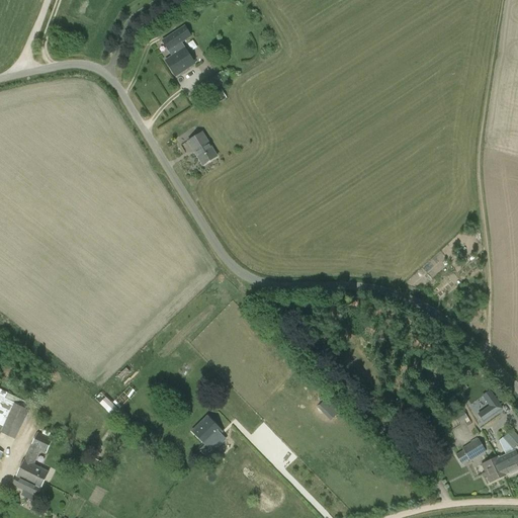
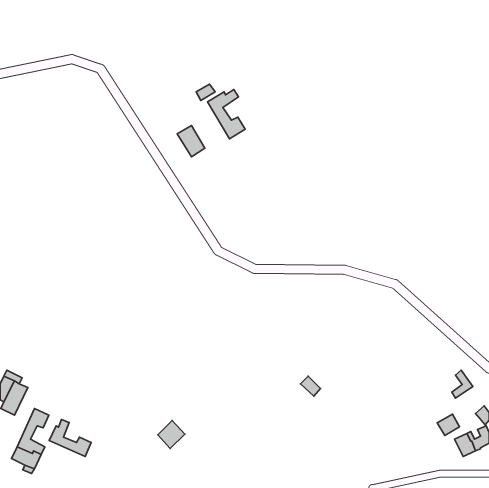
building: [162,25,195,76] -> none
building: none -> [207,89,245,139]
building: [192,417,221,446] -> [158,421,185,448]
building: none -> [49,419,91,456]

